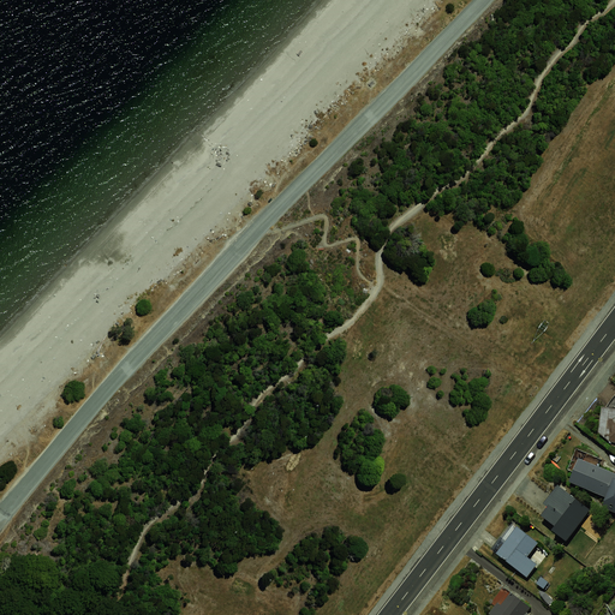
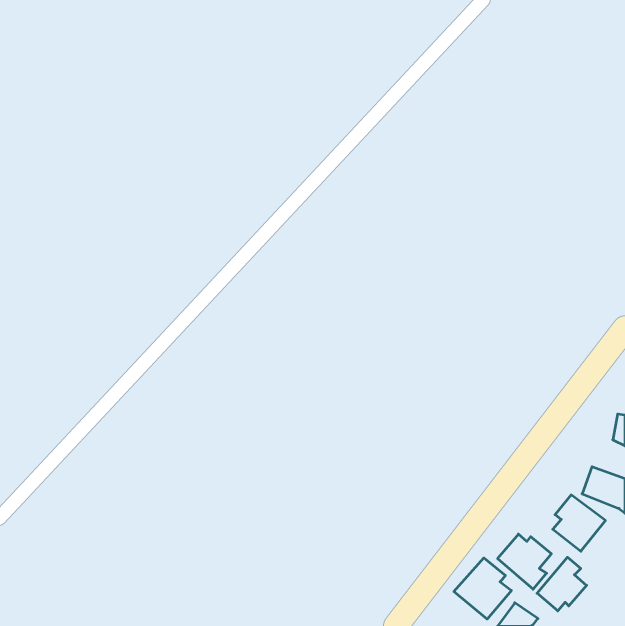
building: none -> [537,557,587,611]
building: none -> [454,558,511,619]

